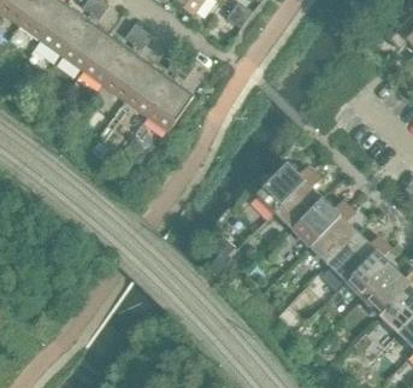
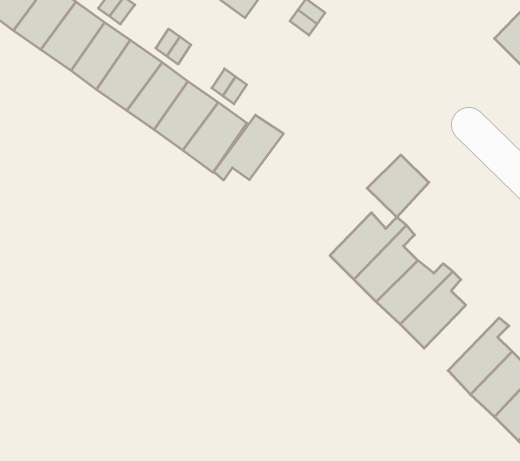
building: none -> [214,115,283,180]
building: none -> [367,155,429,217]
building: [326,233,383,282] -> none

